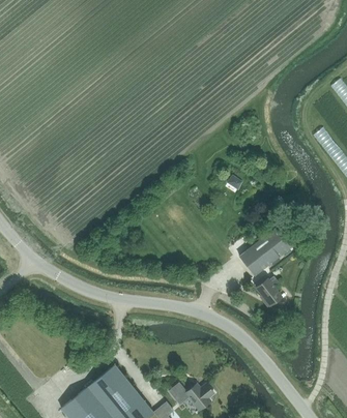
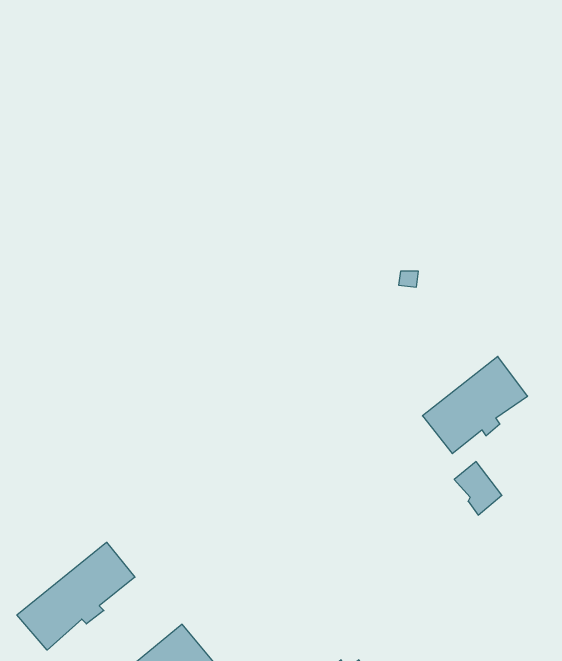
building: none -> [17,542,135,650]

